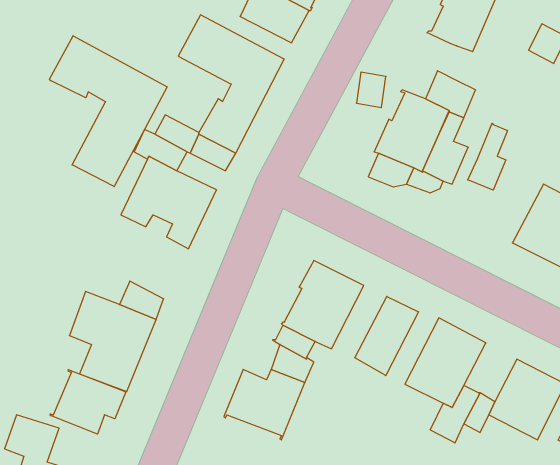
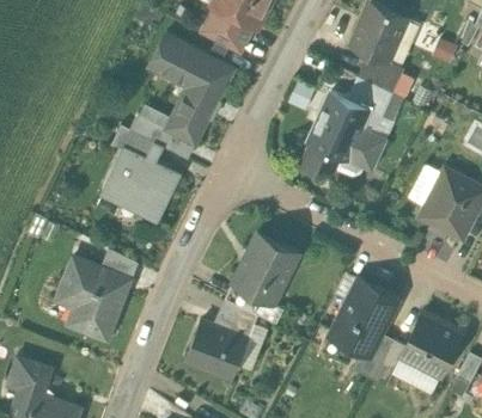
building: [50,36,167,187] -> none
building: none -> [359,55,402,93]
building: [468,123,507,190] -> none
building: [355,296,418,376] -> none
building: [50,370,126,434] -> none

